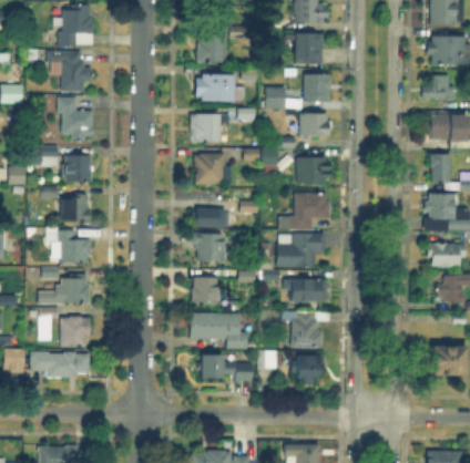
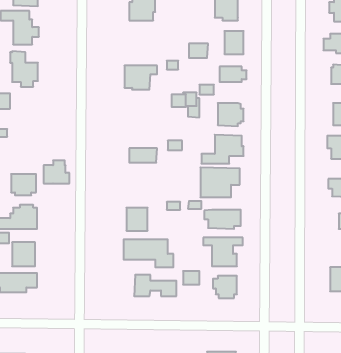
building: [196,76,243,101] -> none
building: [194,153,224,183] -> none
building: [65,156,92,183] -> none
building: [61,195,91,222] -> [44,160,69,183]
building: [193,235,223,259] -> none

